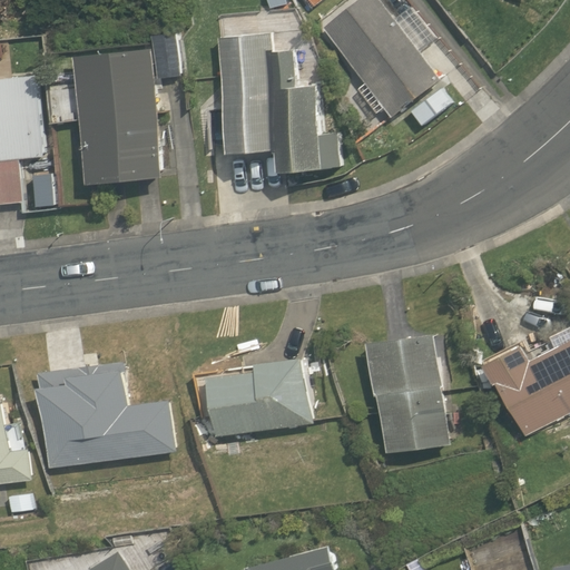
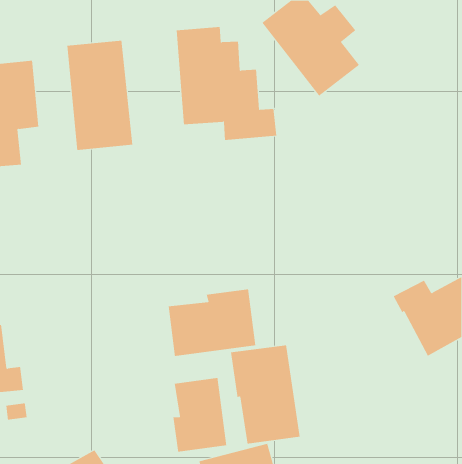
building: [364,332,450,453] -> [230,345,300,444]
building: [33,362,175,469] -> none
building: none -> [173,377,227,453]

